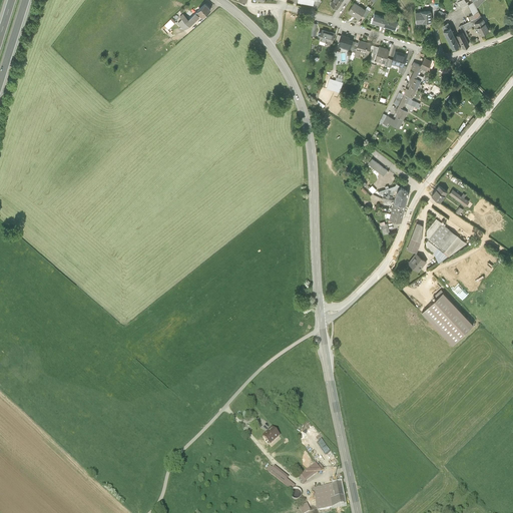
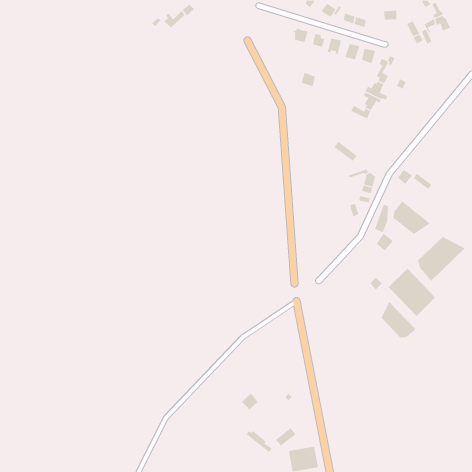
building: none -> [417,236,466,281]
building: none -> [381,301,416,339]

